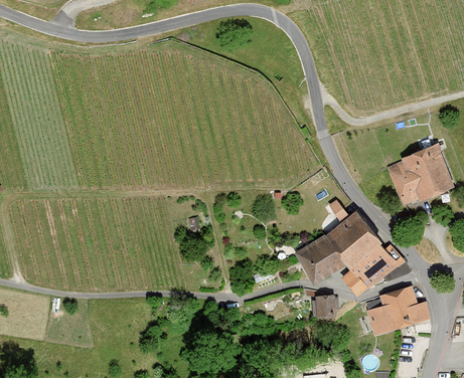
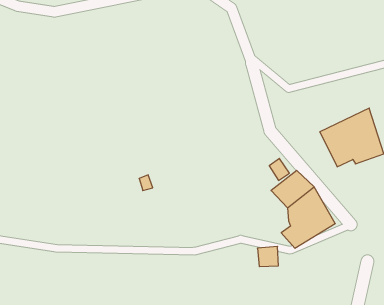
building: [298,233,351,288] -> none
building: [364,286,430,338] -> none

